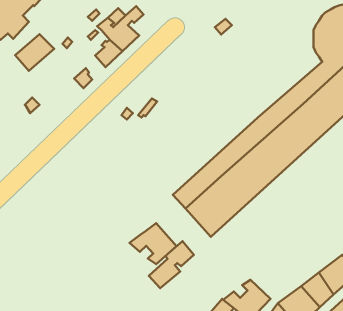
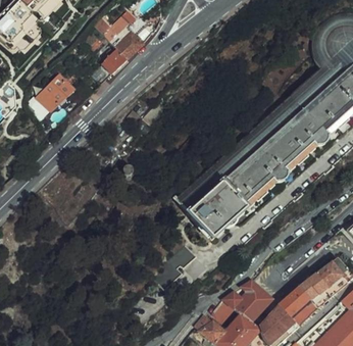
building: [15,34,54,71] -> [36,76,73,111]
building: [129,223,176,264] -> none

